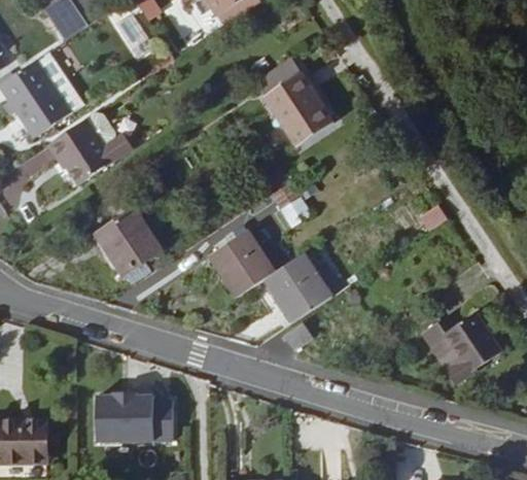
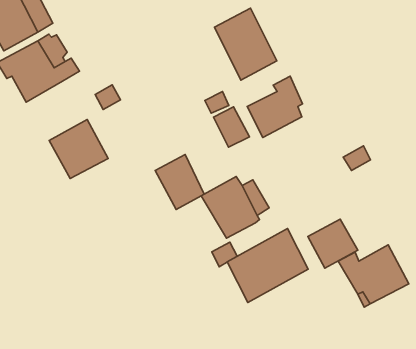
building: none -> [247,76,303,137]
building: none -> [308,219,358,268]
building: none -> [227,229,308,303]
building: [97,388,173,436] -> none

